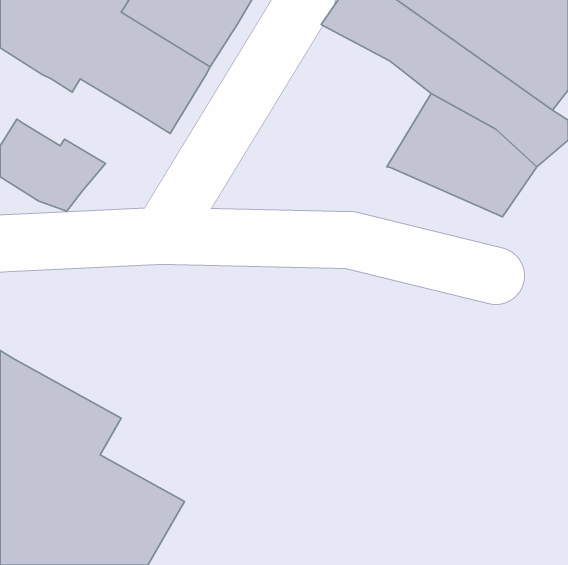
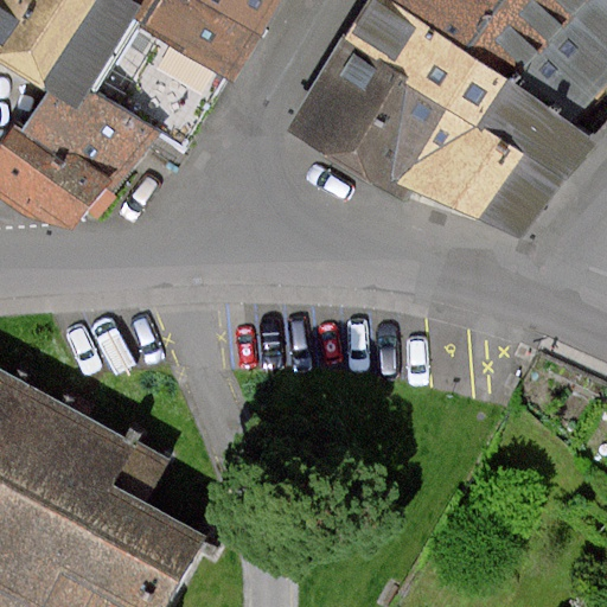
building: none -> [296,31,460,197]
building: none -> [25,84,153,174]

